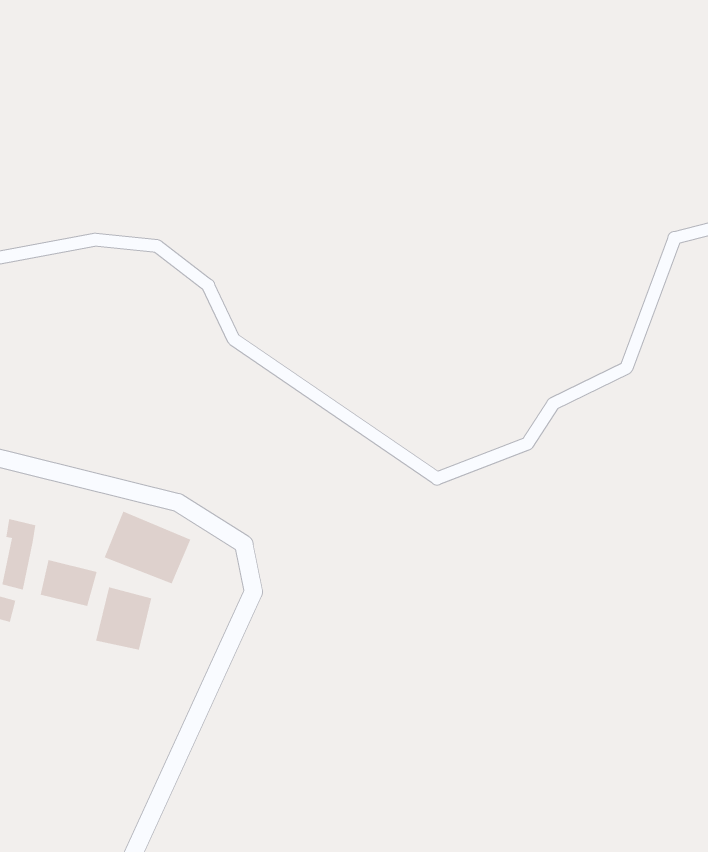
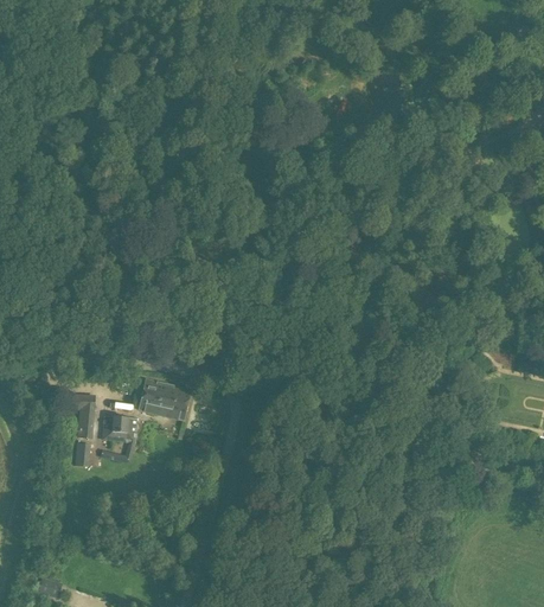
building: [95,586,152,651] -> none

